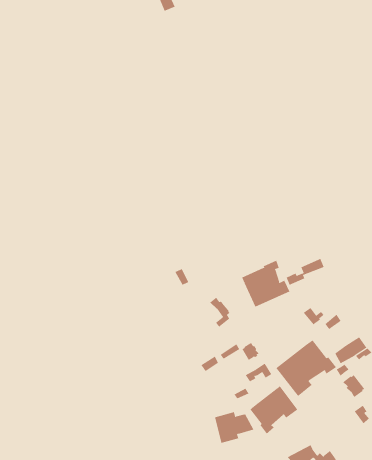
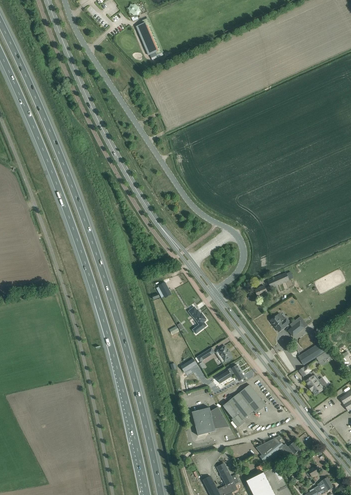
building: [242,260,290,308] -> none
building: [276,339,337,397] -> none

